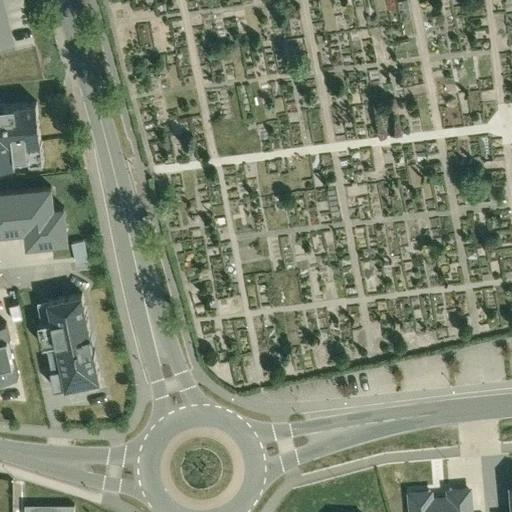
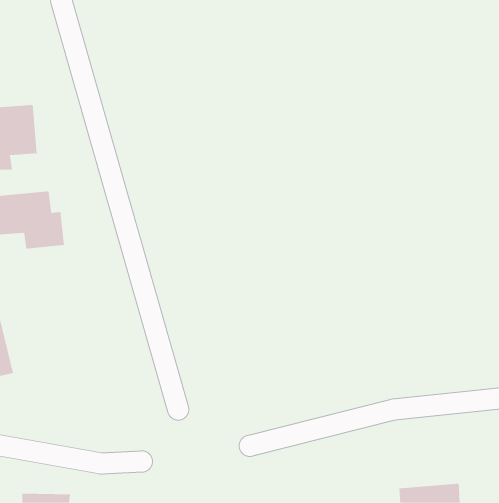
building: [47,303,98,394] -> none

